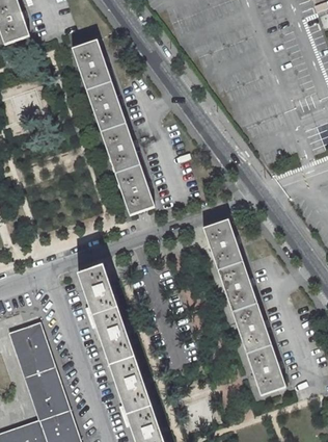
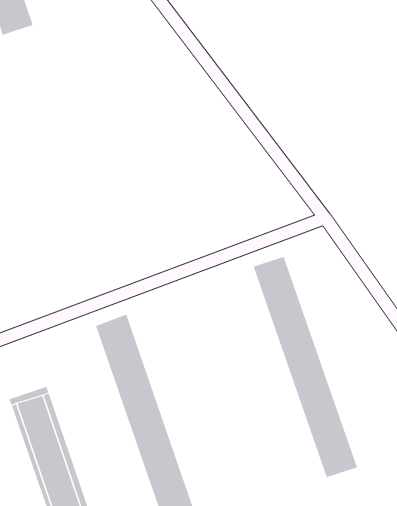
building: [72,38,154,214] -> none

